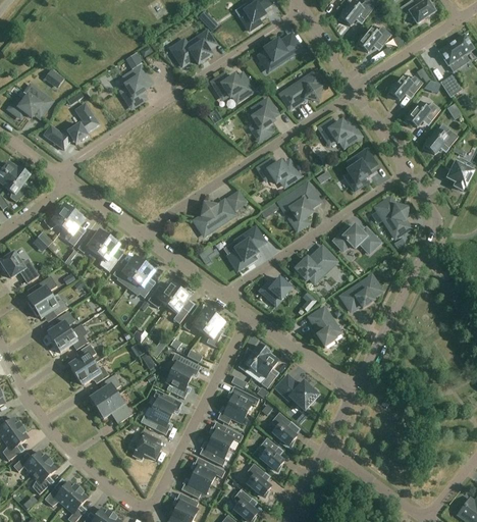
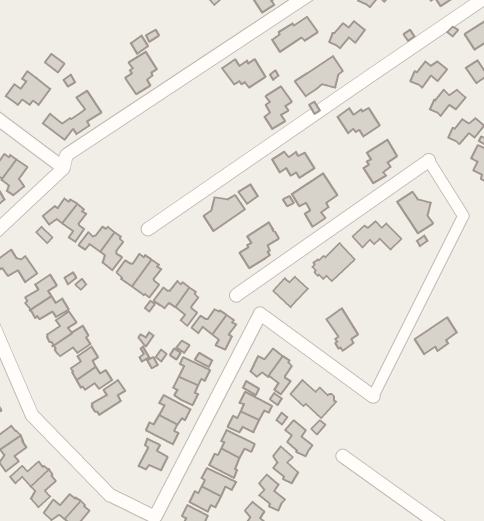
building: [358,25,391,51] -> [329,21,365,48]
building: [172,29,216,63] -> none
building: [341,275,381,310] -> [415,317,457,354]
building: [97,394,132,422] -> none

